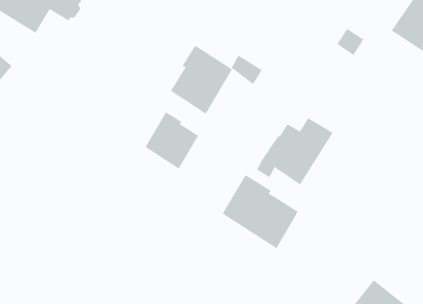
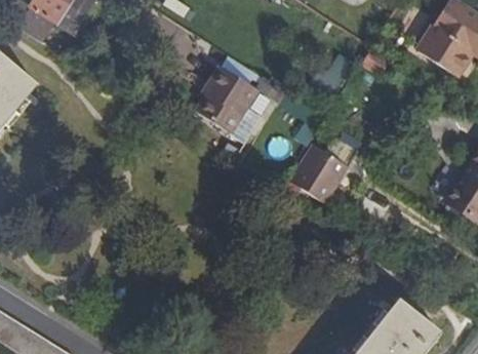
building: [145,111,199,170] -> none
building: [222,174,298,249] -> none

